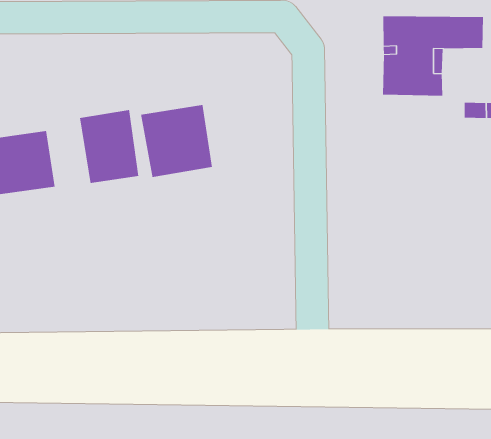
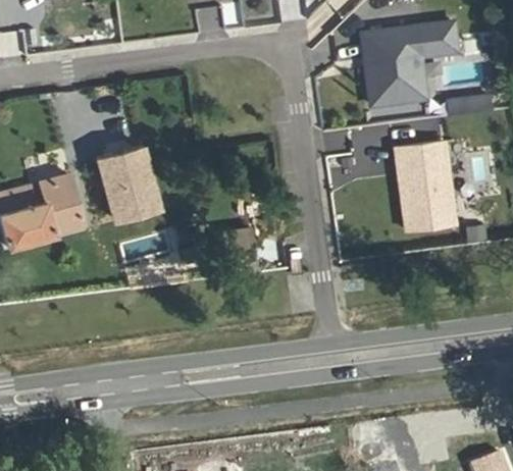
building: [140,104,213,178] -> none
building: none -> [395,144,455,232]

